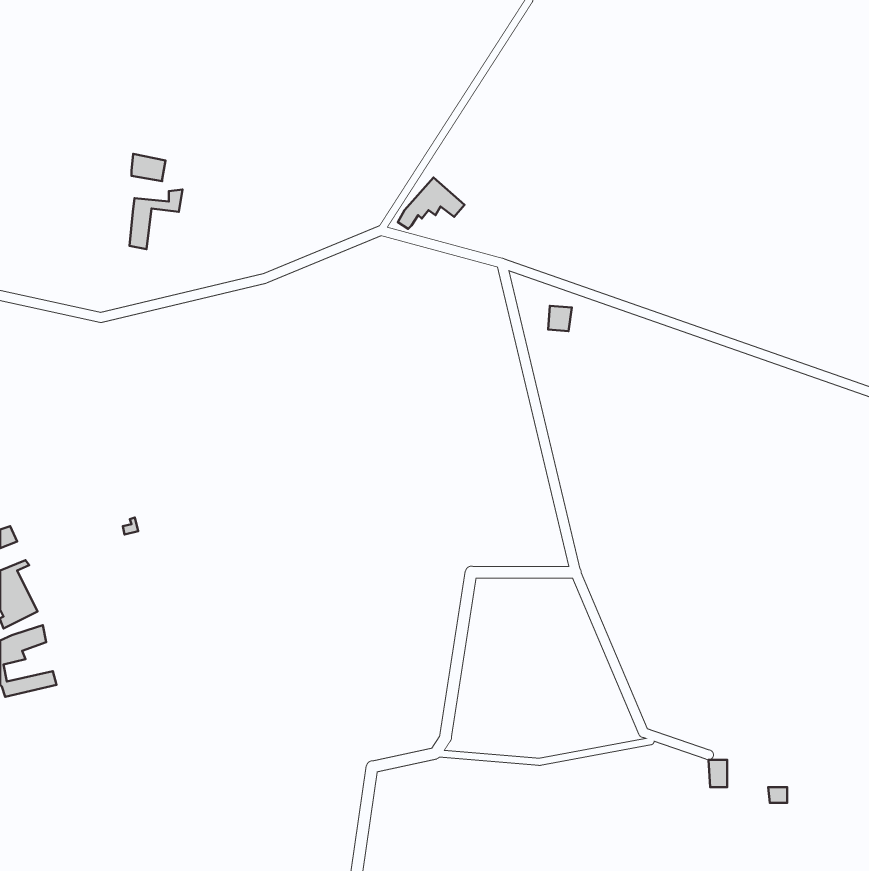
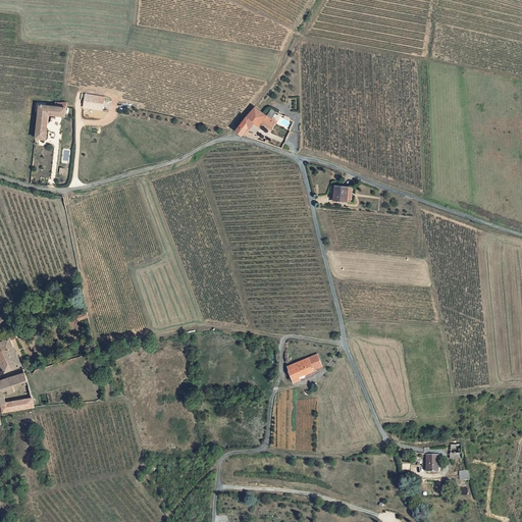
building: [129,190,182,249] -> [32,101,63,137]
building: none -> [285,357,313,382]

